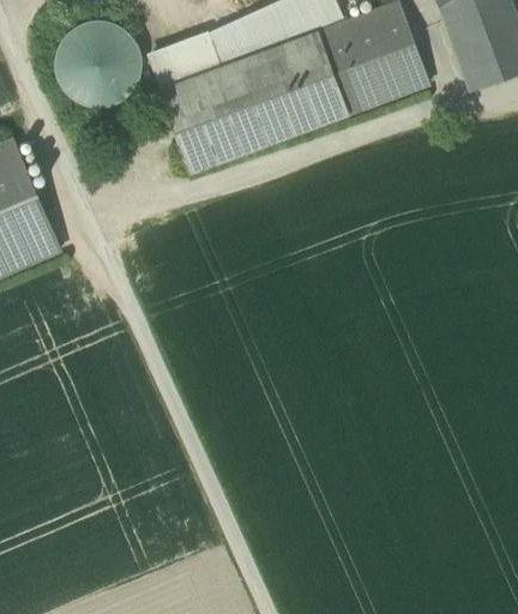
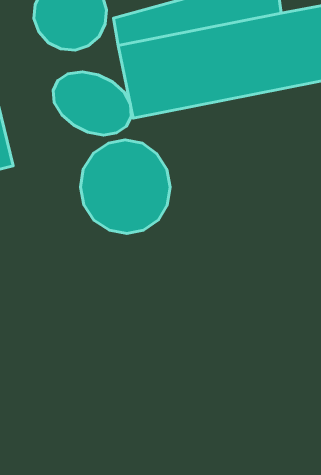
building: none -> [53,72,131,135]
building: none -> [80,140,170,233]

